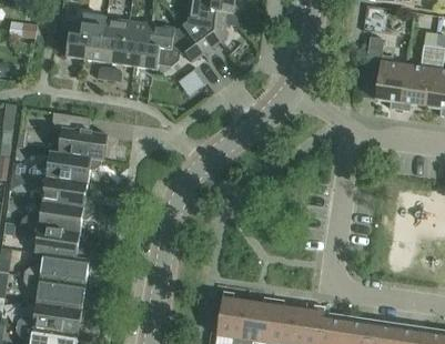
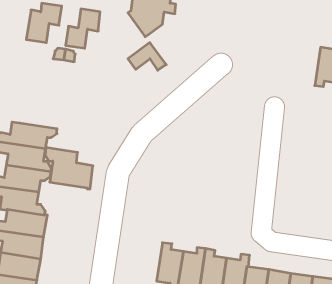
building: [89,17,129,62] -> none
building: [133,23,203,69] -> none
building: [364,37,406,109] -> none
building: [52,112,108,160] -> [45,148,93,189]

